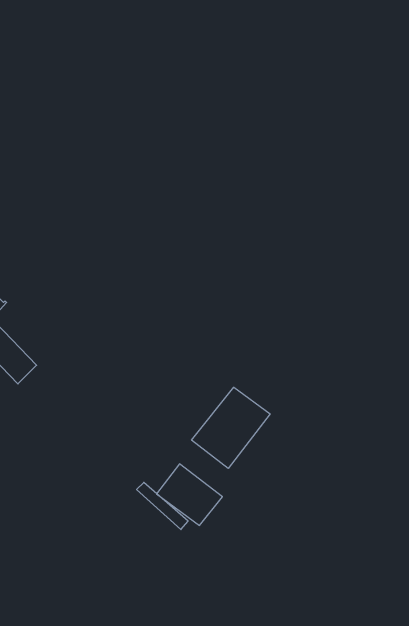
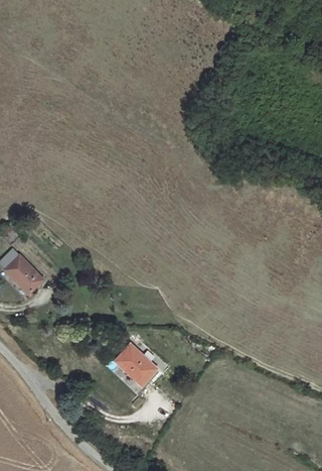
building: [192,387,270,468] -> none

